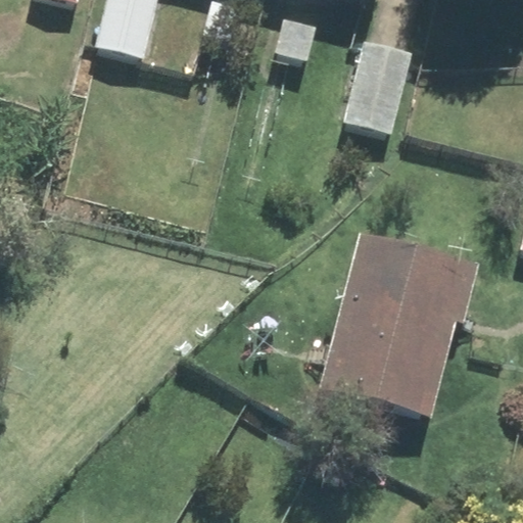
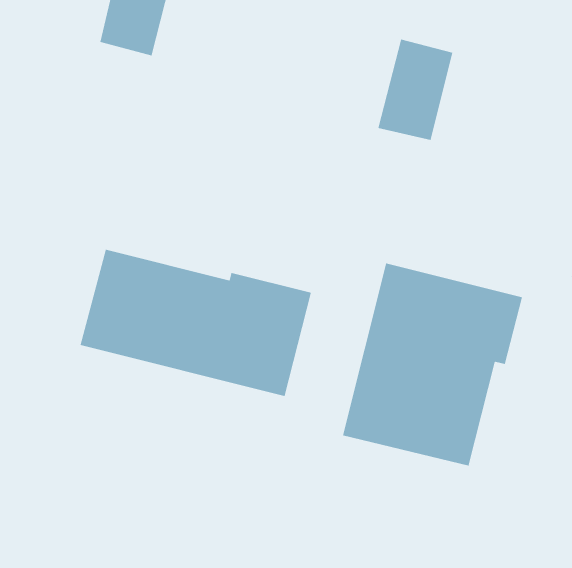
building: none -> [80,249,312,397]

